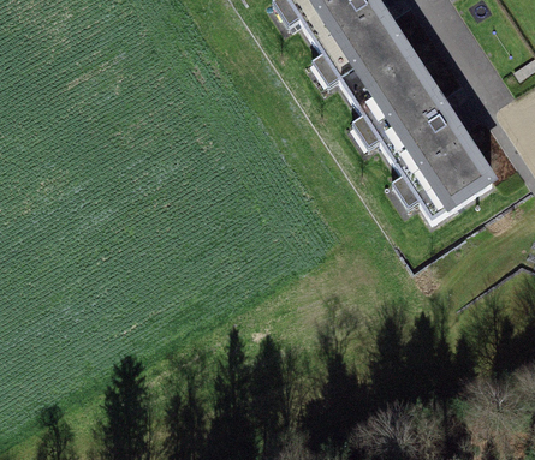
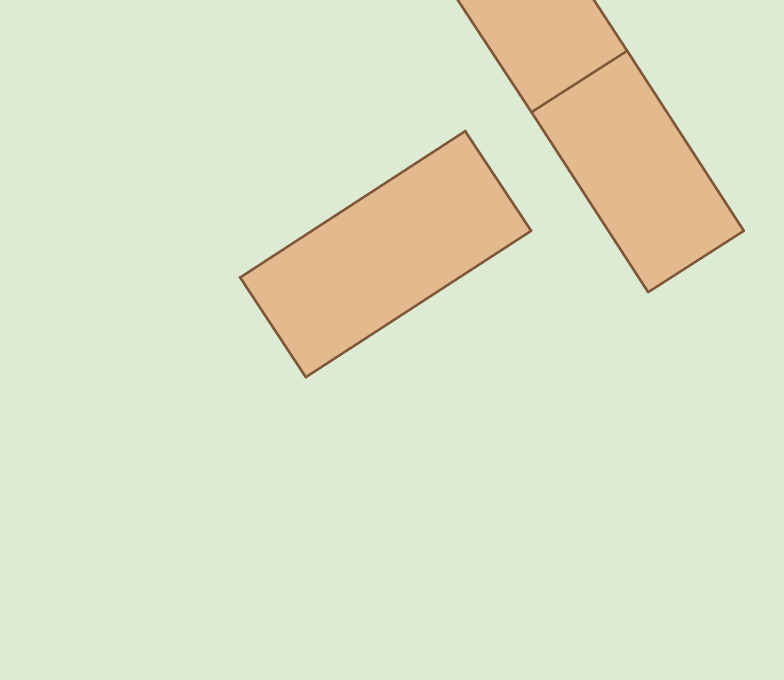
building: none -> [240,131,531,377]

